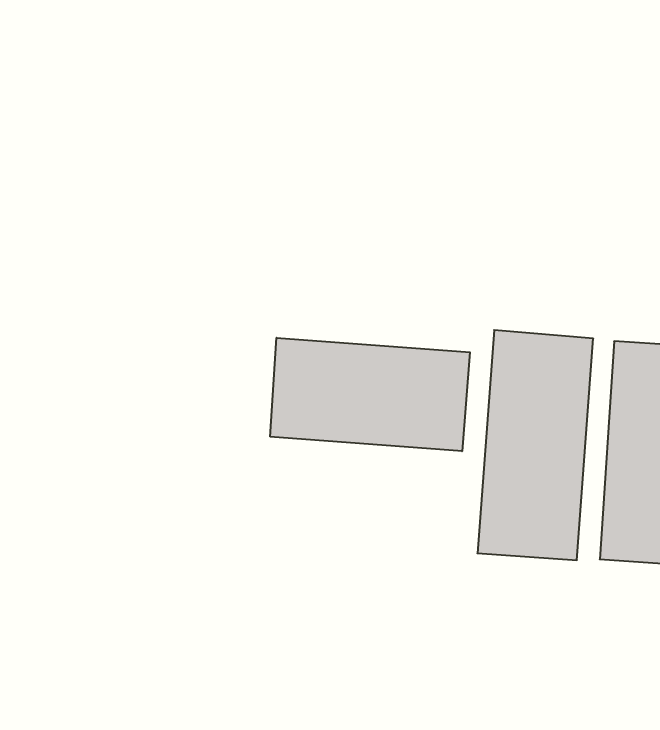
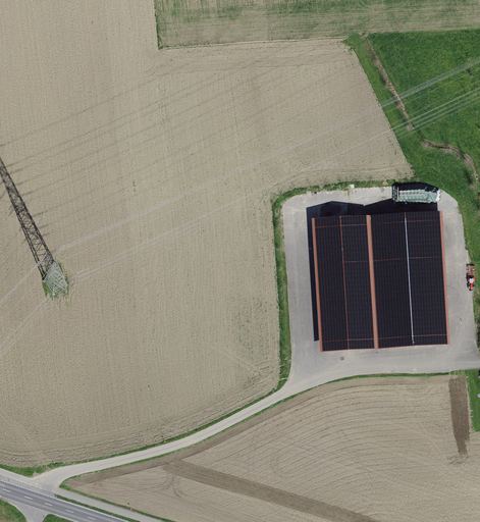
building: [270,338,470,451] -> none

